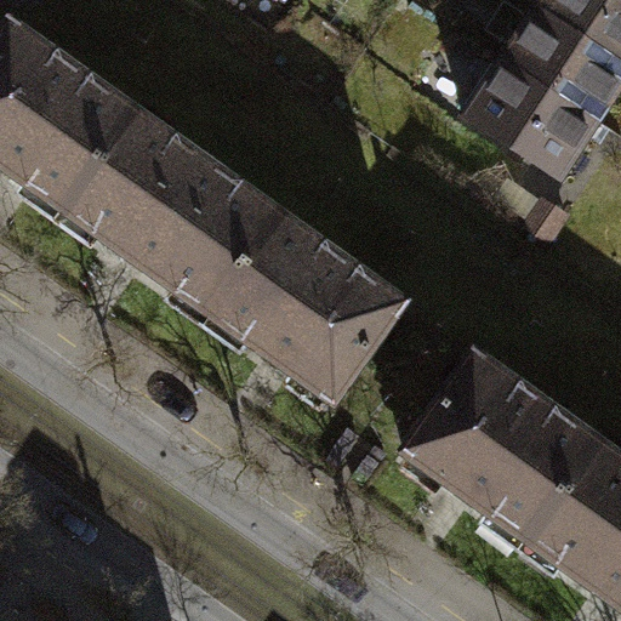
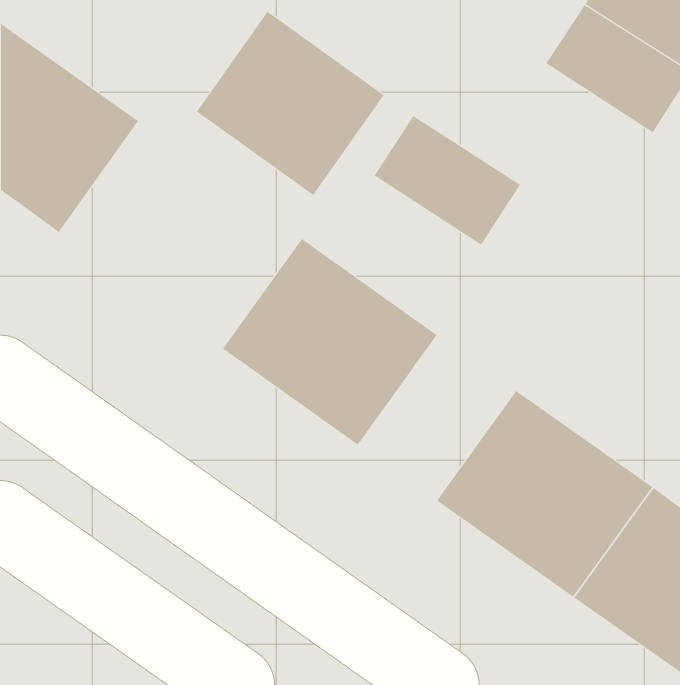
building: none -> [196,11,385,196]
building: [463,57,596,175] -> [374,115,521,246]
building: [61,109,279,314] -> none

